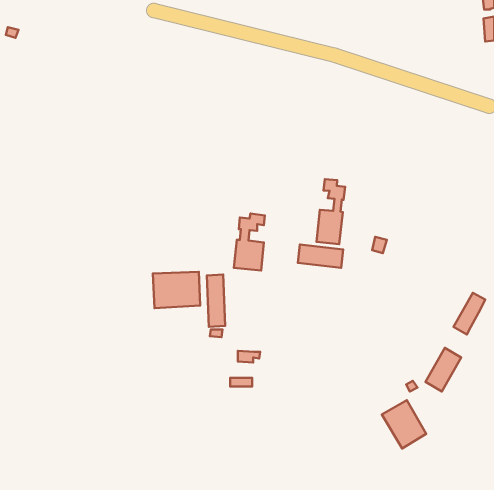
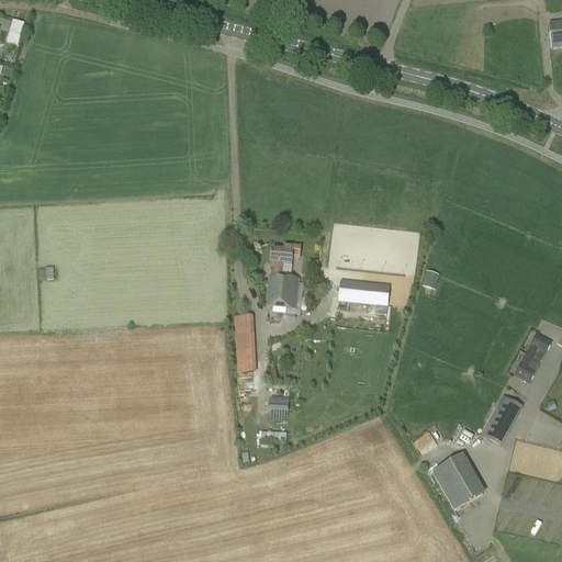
building: [316,179,345,244] -> none
building: [153,272,200,308] -> none

